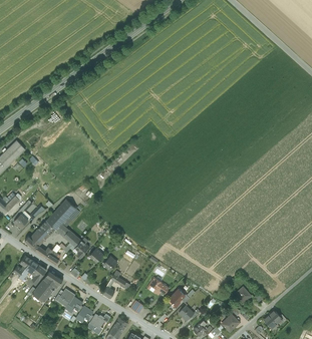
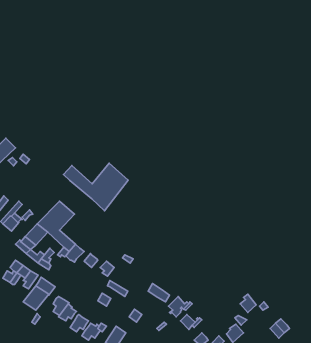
building: none -> [64,163,128,211]

